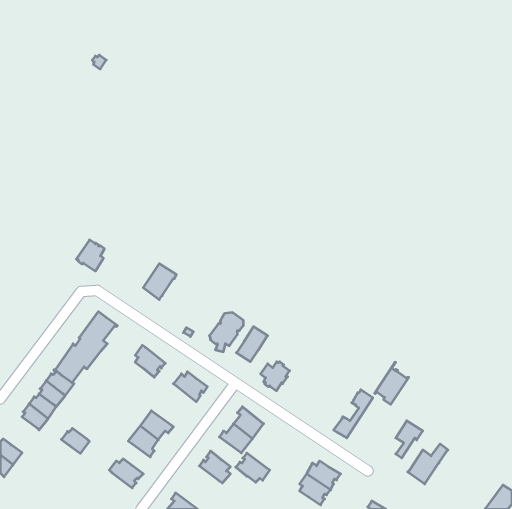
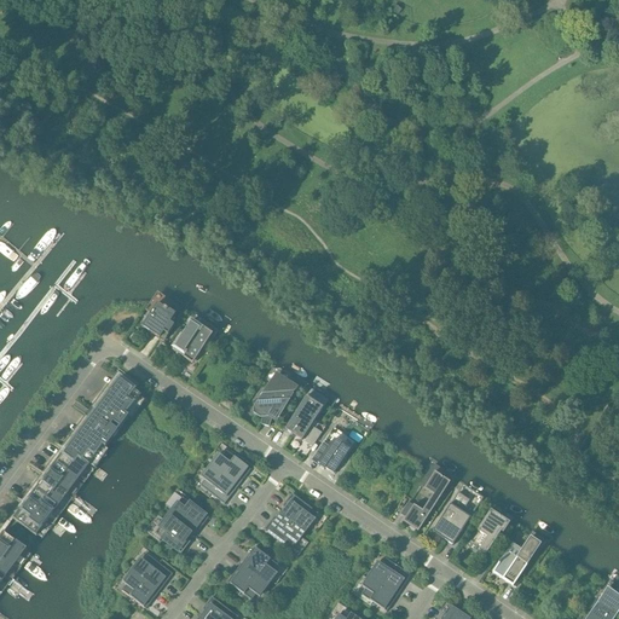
building: [76,240,104,271] -> [141,301,175,339]
building: [135,345,165,377] -> [201,463,237,502]
building: [375,362,409,404] -> [433,492,474,543]
building: [61,428,89,453] -> [13,503,47,533]
building: [236,453,270,482] -> [227,562,268,597]
building: none -> [122,567,160,607]

